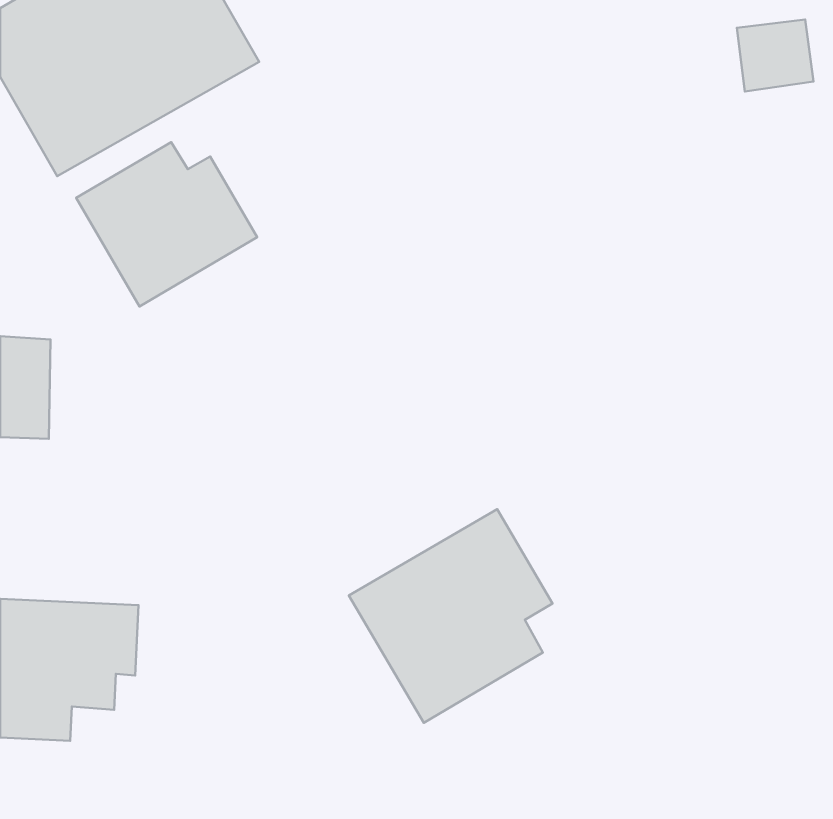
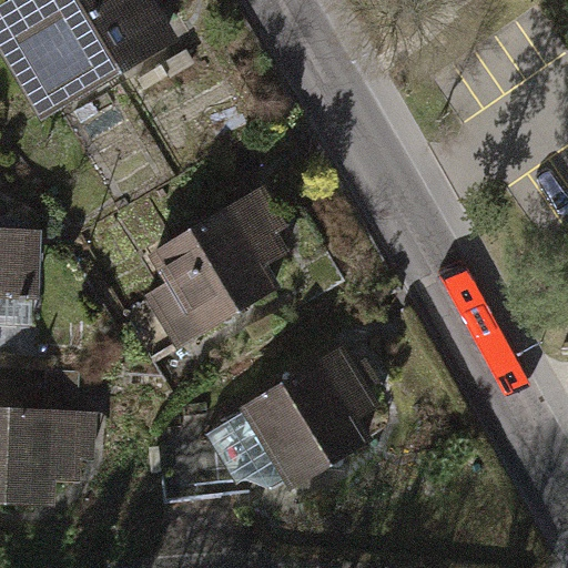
building: [76,142,257,307] -> none
building: none -> [128,184,300,362]

